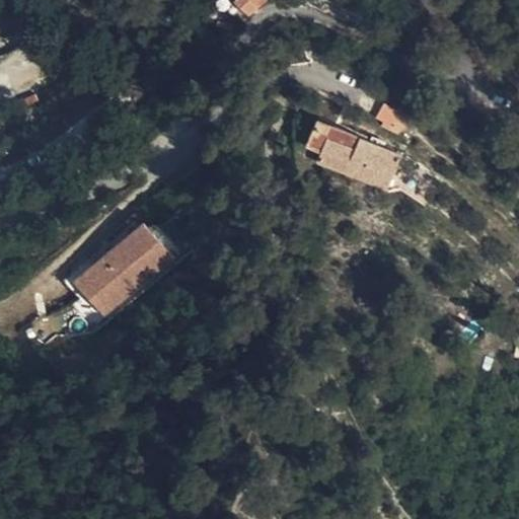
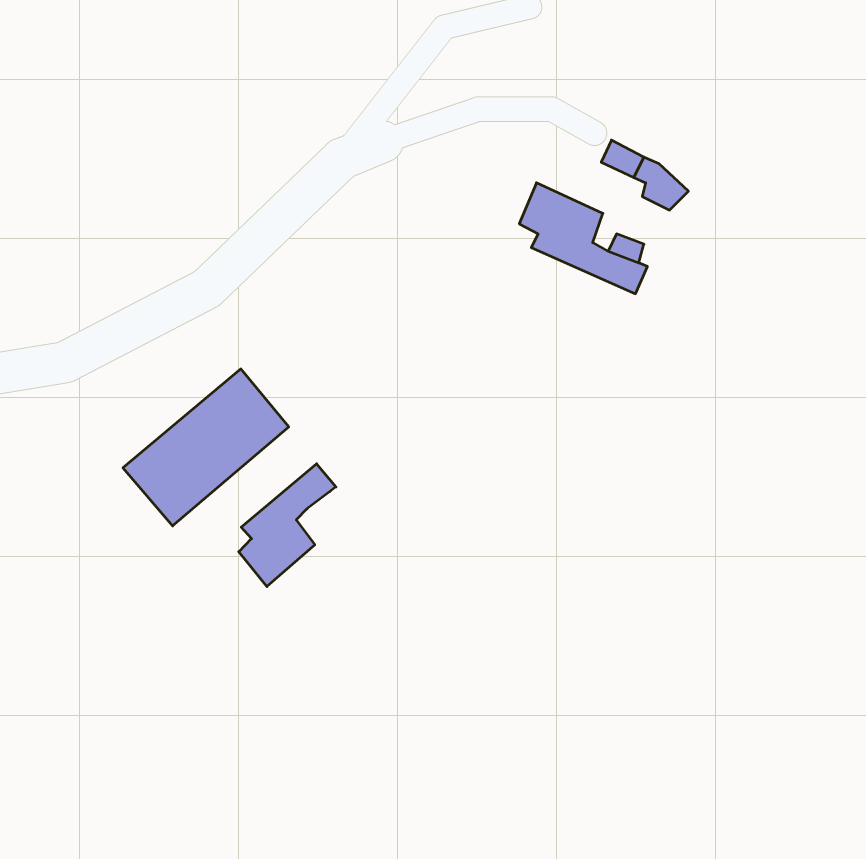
building: none -> [239,464,336,587]

